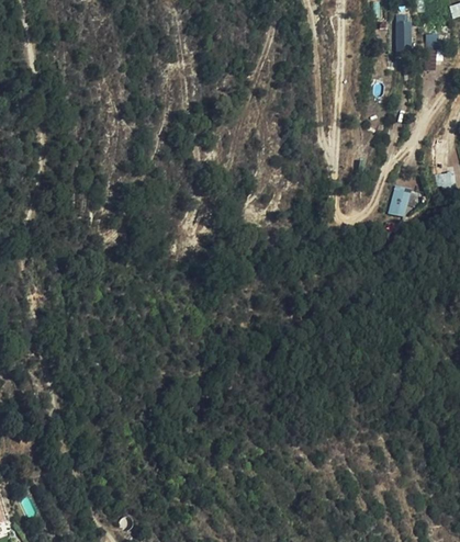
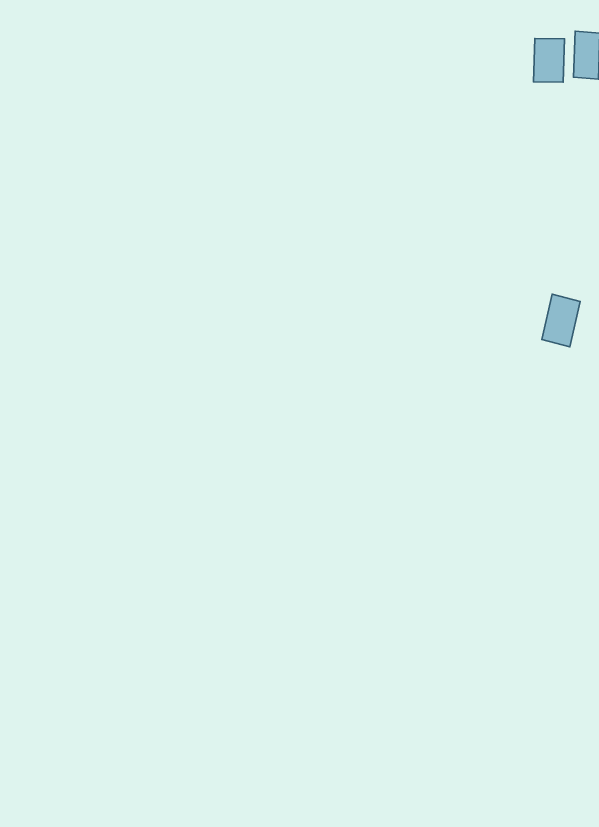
building: none -> [533,39,565,82]

